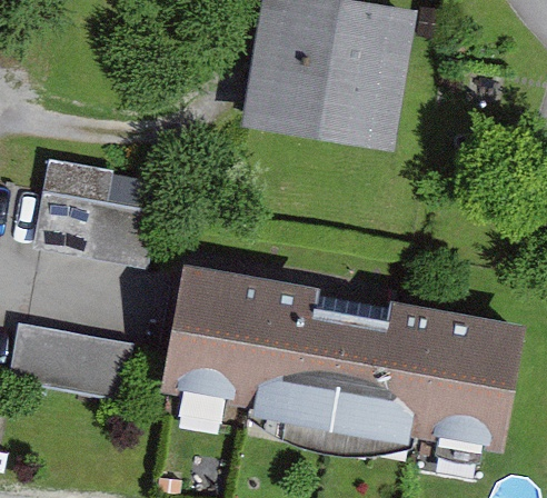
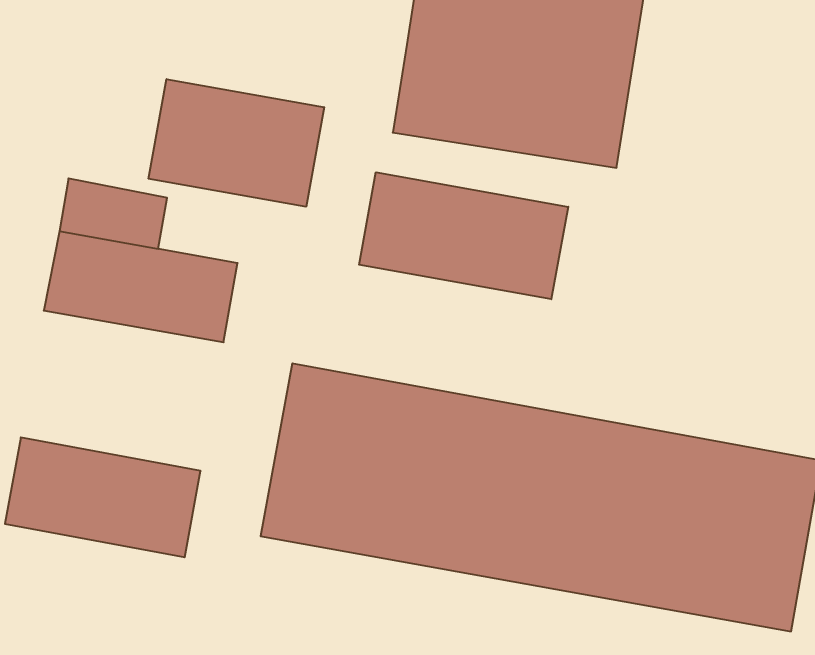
building: none -> [149,79,324,207]
building: none -> [359,172,568,299]

